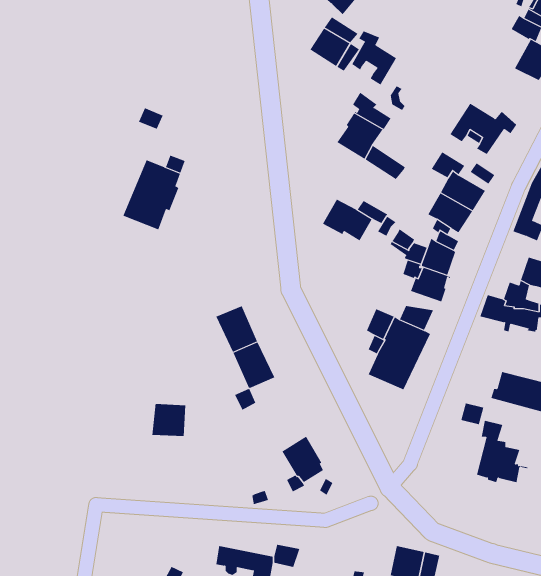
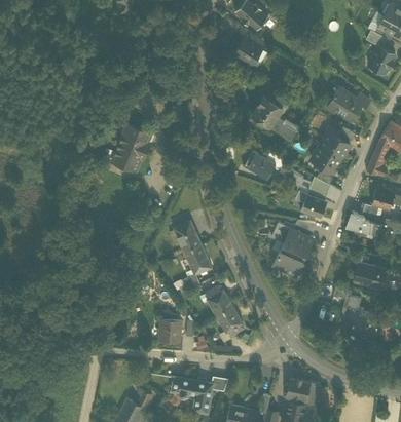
building: [351,31,397,85] -> none
building: [152,404,186,437] -> [158,320,181,342]
building: none -> [205,285,232,316]

